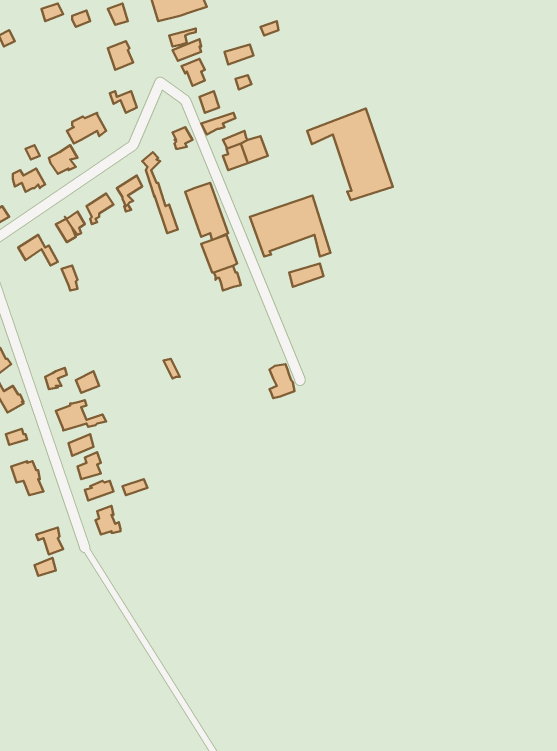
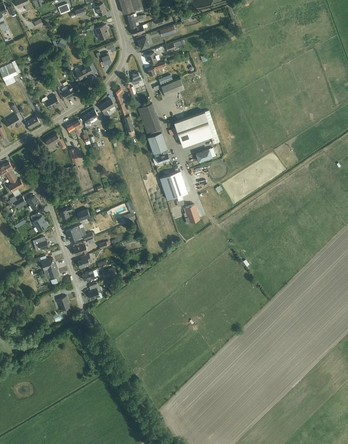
building: [307,109,393,200] -> none
building: none -> [159,170,187,199]

